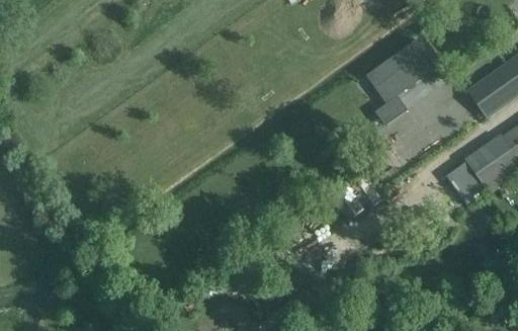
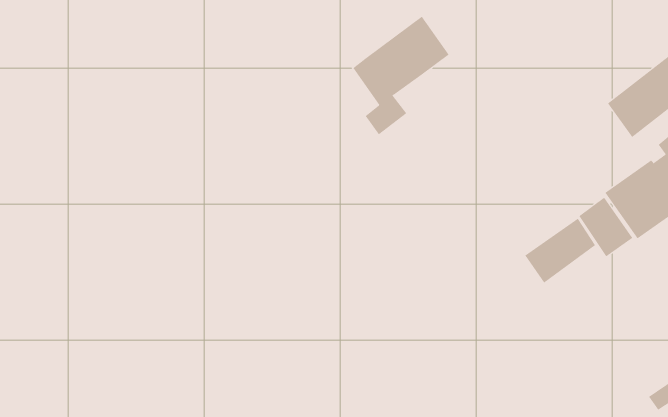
building: [367,36,439,125] -> [352,16,450,135]
building: none -> [525,218,596,283]

